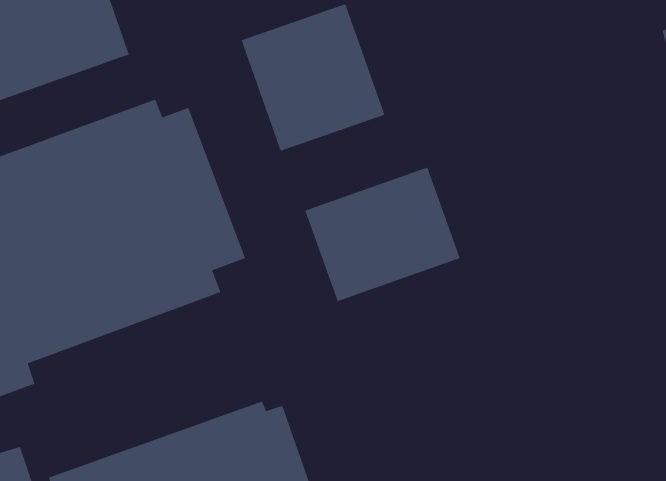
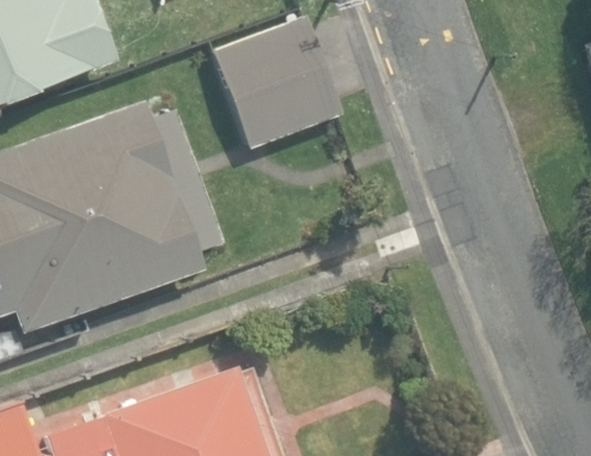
building: [304,167,461,302] -> none

